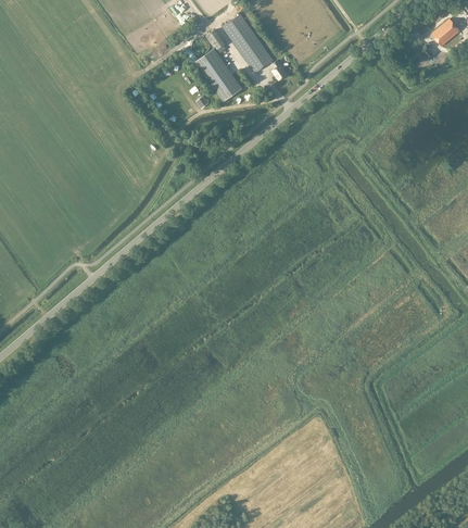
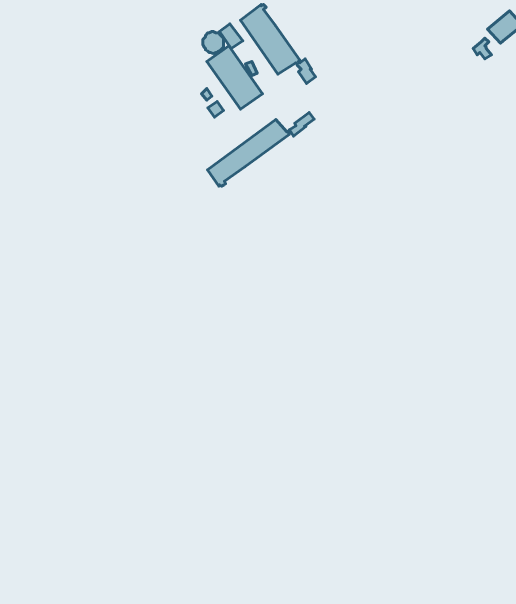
building: none -> [207,112,314,186]

